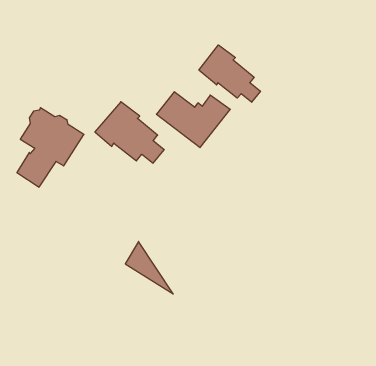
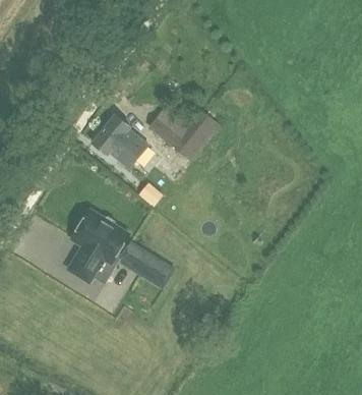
building: [199,45,260,102] -> none
building: [17,108,84,187] -> [70,211,131,283]

